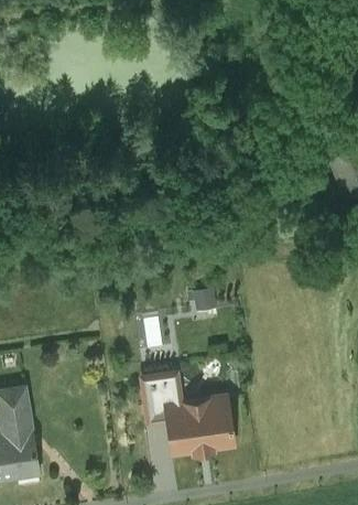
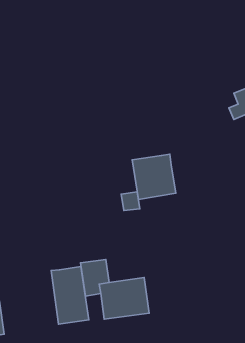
building: none -> [132,154,176,200]
building: none -> [51,266,89,324]

